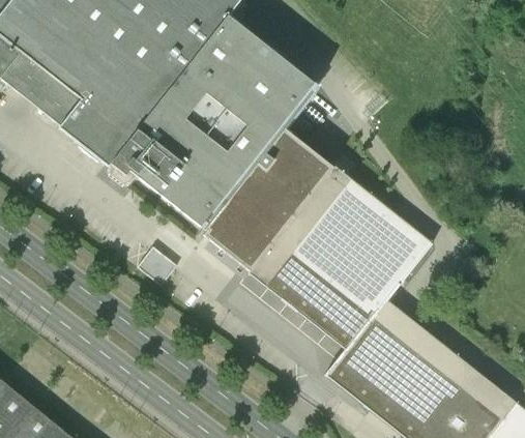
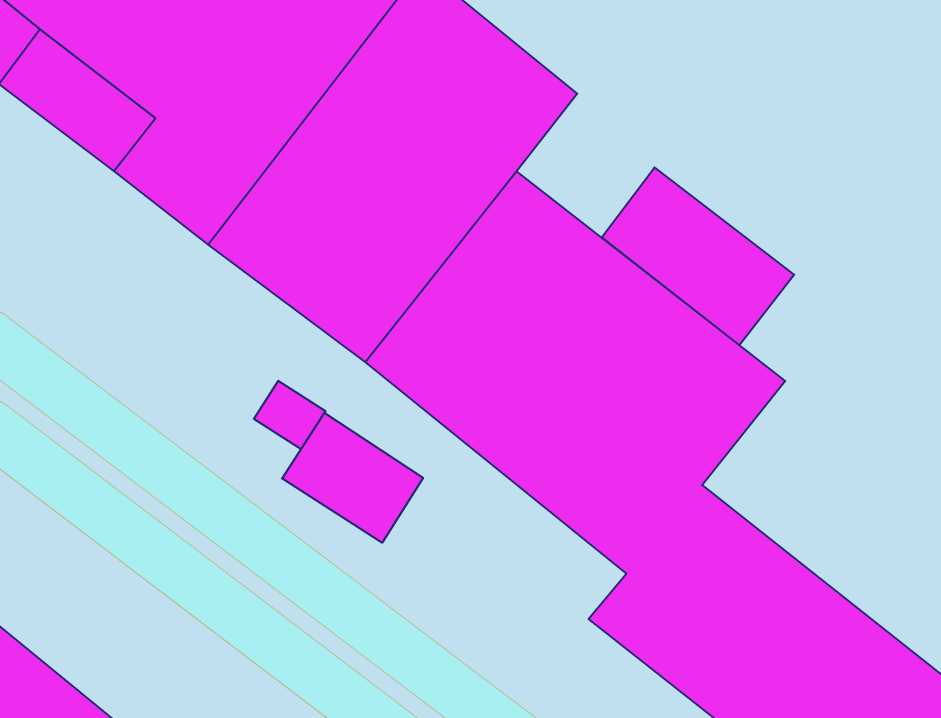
building: none -> [602,167,794,345]
building: none -> [282,413,423,543]

